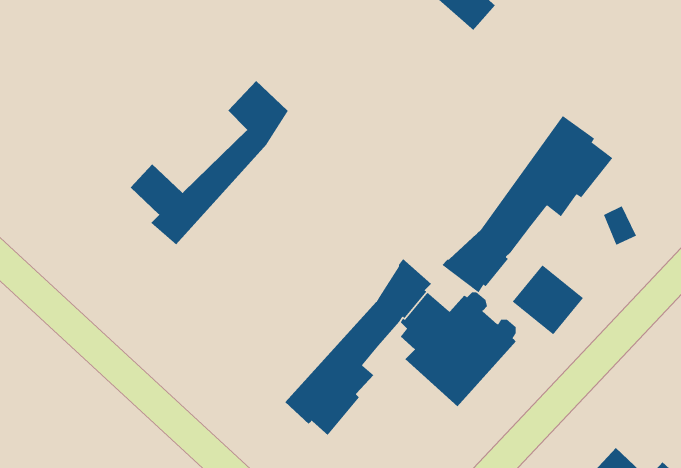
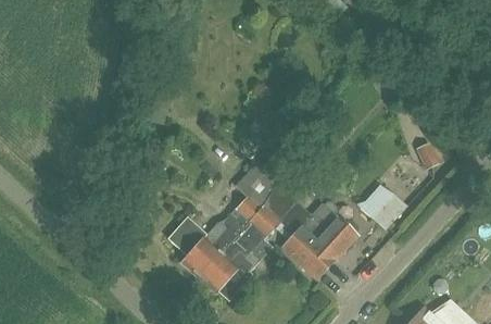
building: [130,80,290,245] -> [169,164,278,276]
building: [442,115,613,293] -> none

